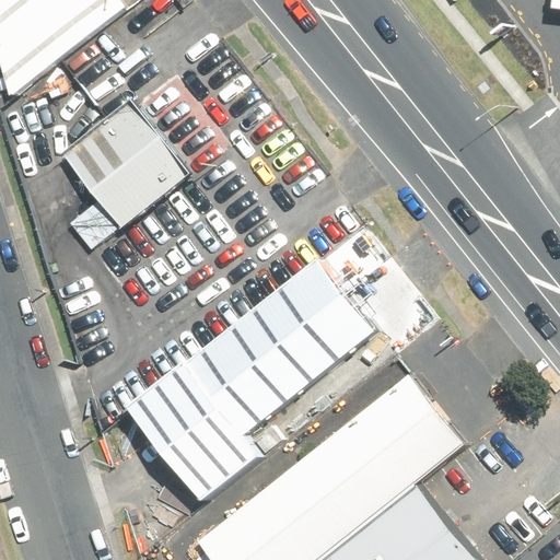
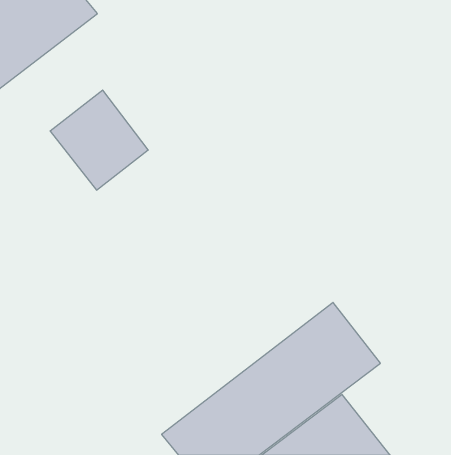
building: [128,268,370,505] -> none

